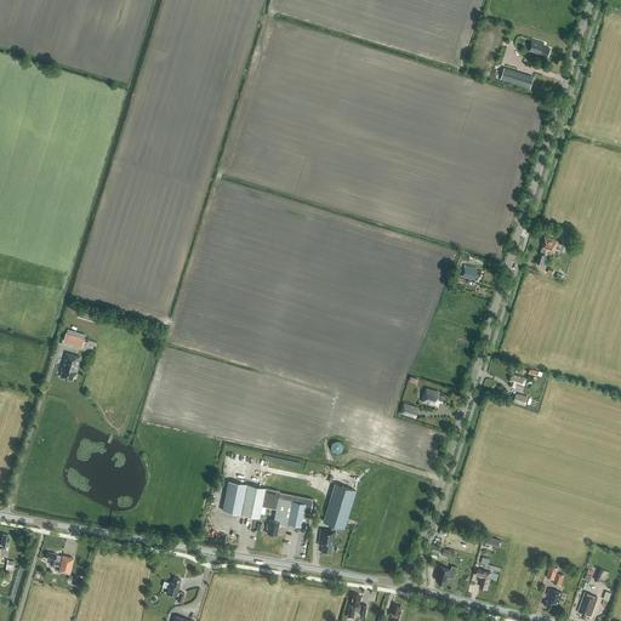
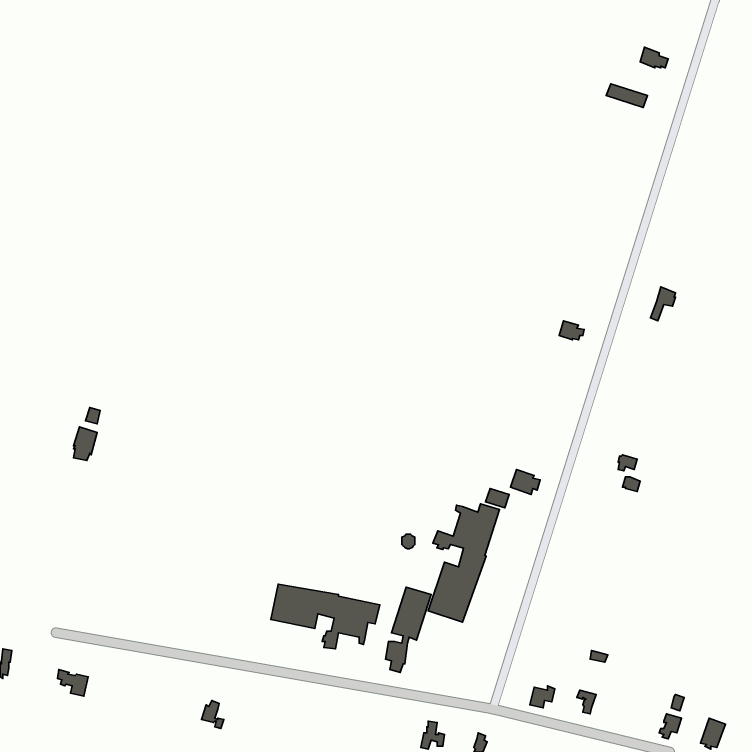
building: none -> [428,504,499,622]

